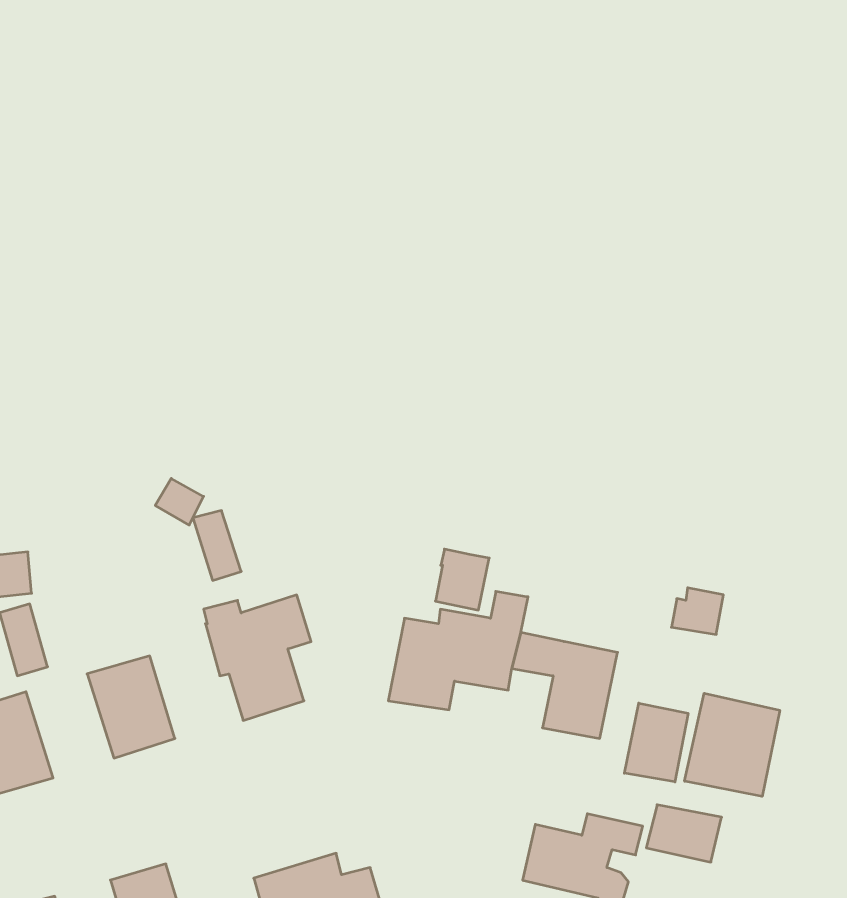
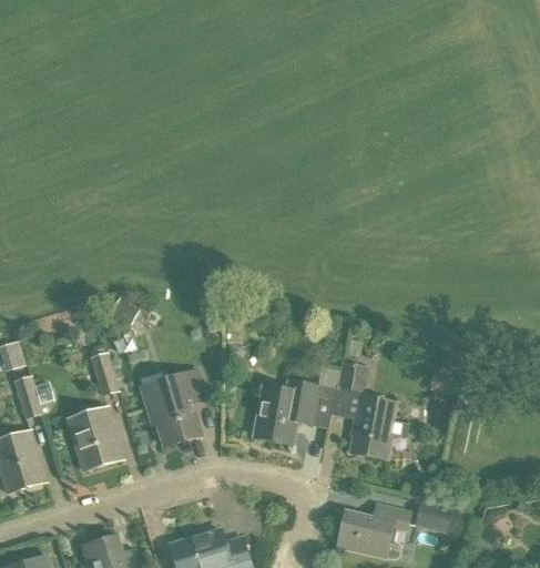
building: [193,511,241,580] -> [90,353,120,396]
building: [435,549,489,610] -> [336,361,369,398]
building: [685,693,780,796] -> none
building: [624,703,688,782] -> none

